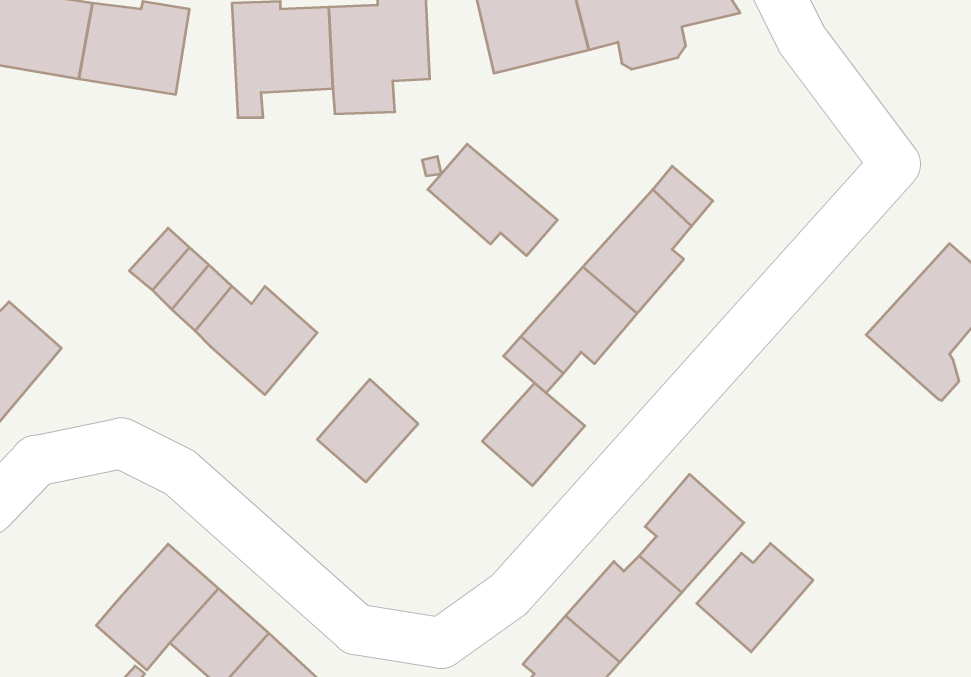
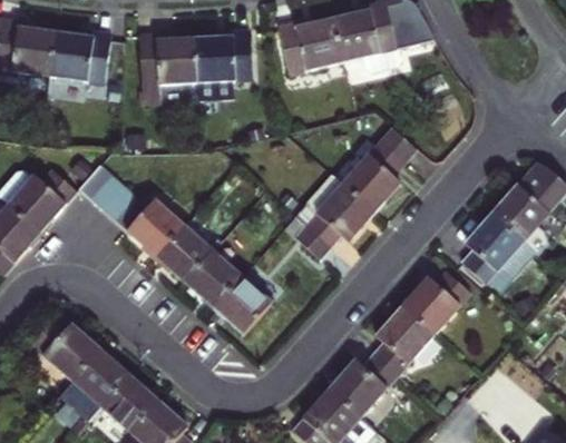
building: [428,144,557,256] -> none
building: none -> [9,171,76,233]
building: none -> [156,224,216,285]
building: none -> [471,225,543,301]
building: [482,383,585,486] -> [214,276,273,335]
building: none -> [30,315,100,376]
building: [697,543,813,652] -> [400,270,467,333]

